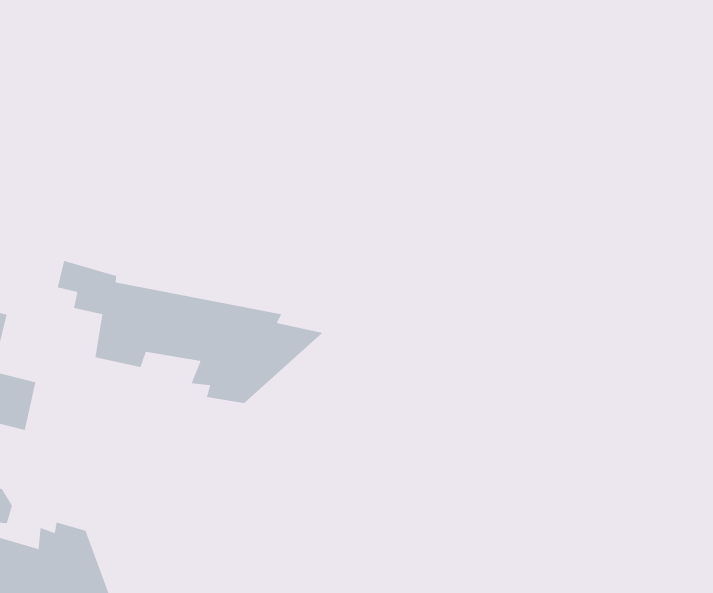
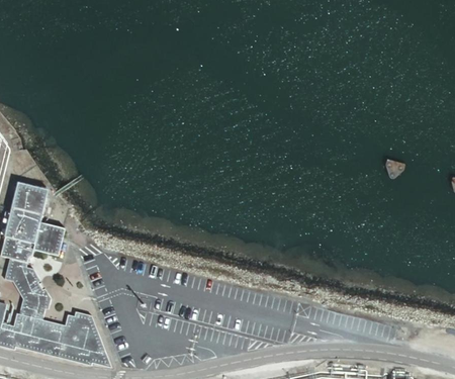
building: [57,260,323,404] -> none

